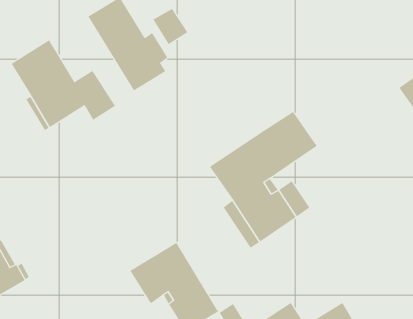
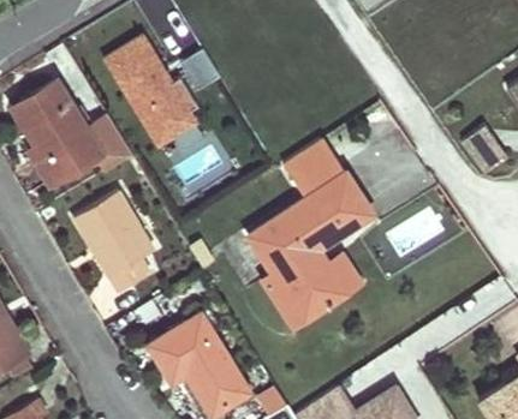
building: none -> [278,137,339,193]
building: none -> [76,196,157,297]

